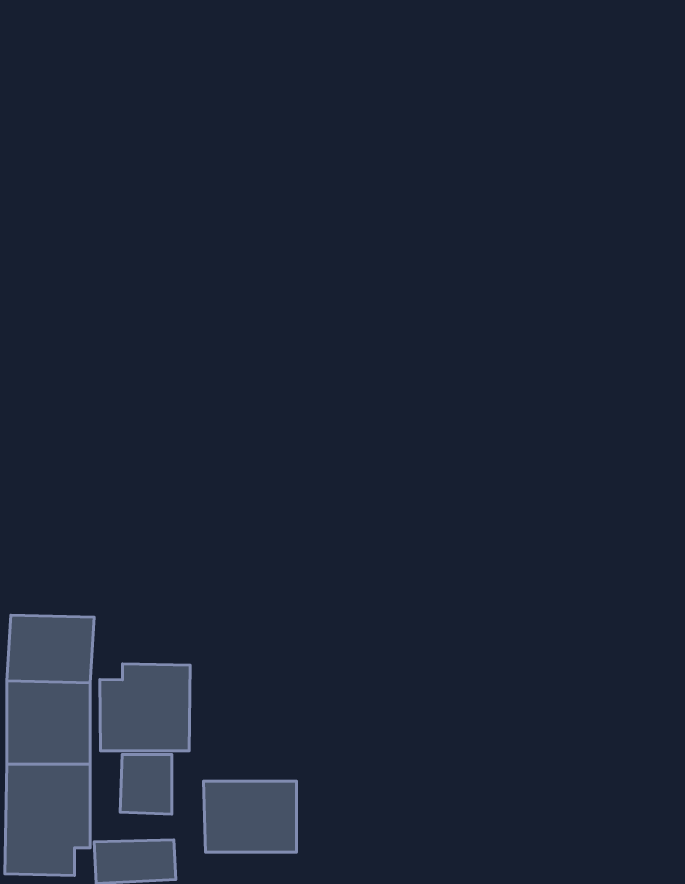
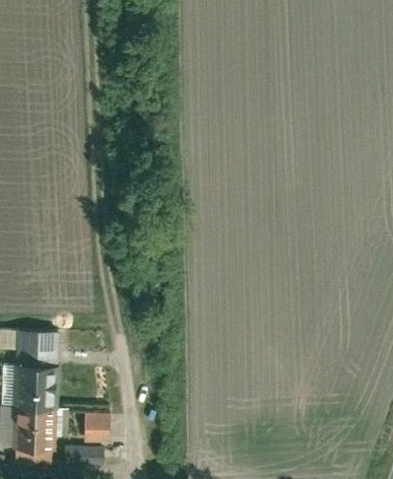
building: [100,664,190,751] -> none
building: [203,781,296,852] -> none

